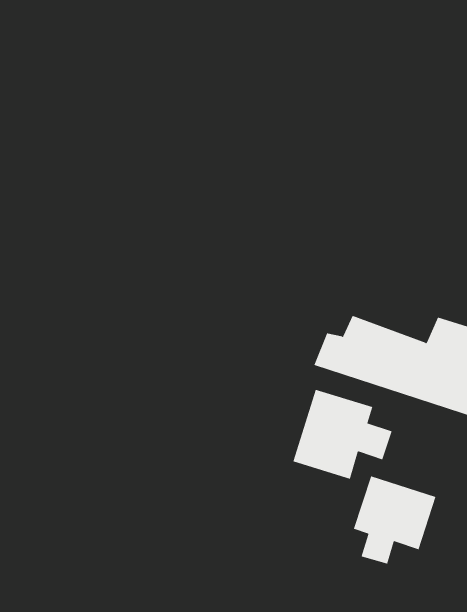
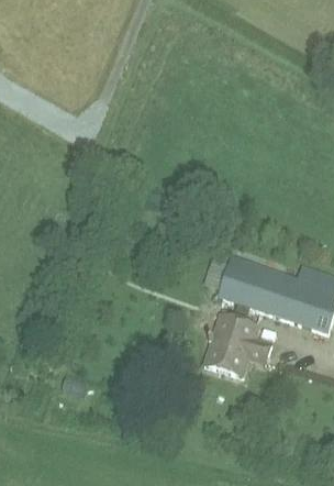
building: [353,476,436,565] -> none

